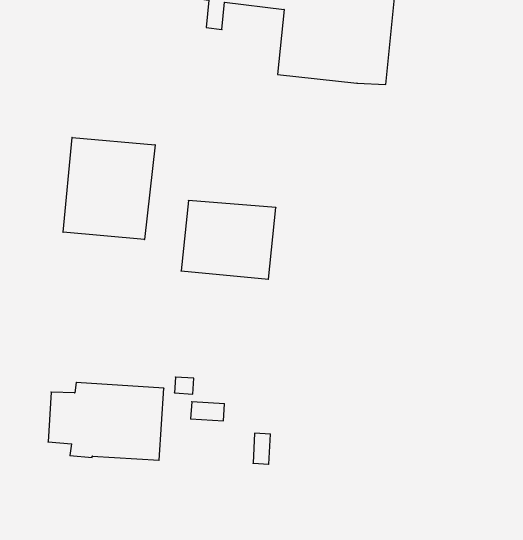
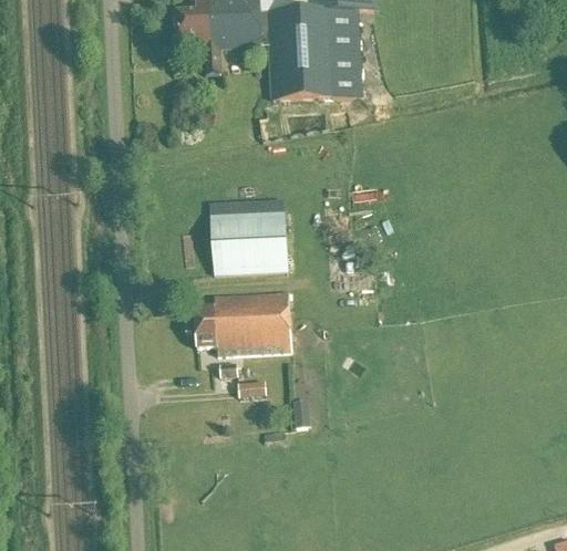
building: [63,137,155,240] -> none
building: [48,382,164,460] -> [194,289,292,356]

